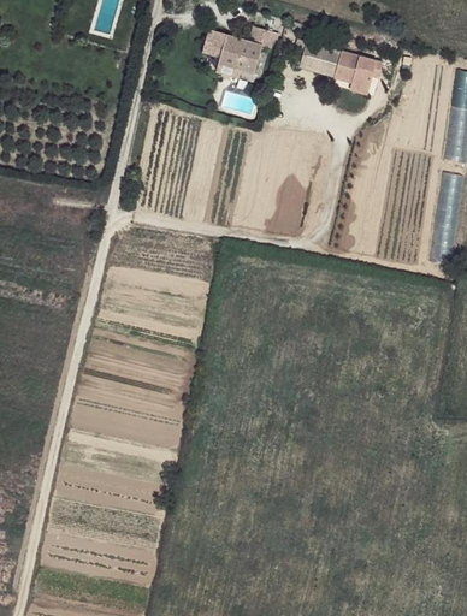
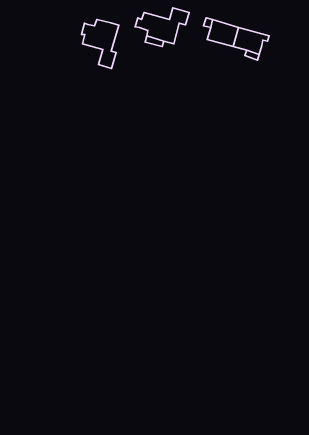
building: none -> [81,20,119,68]

